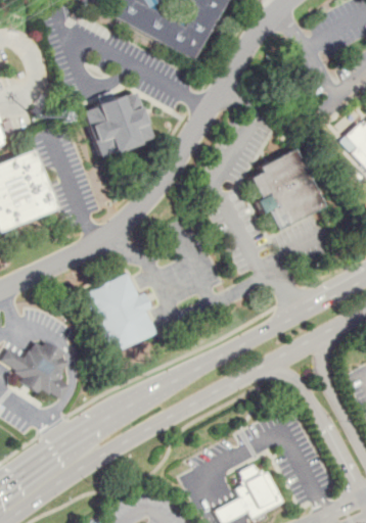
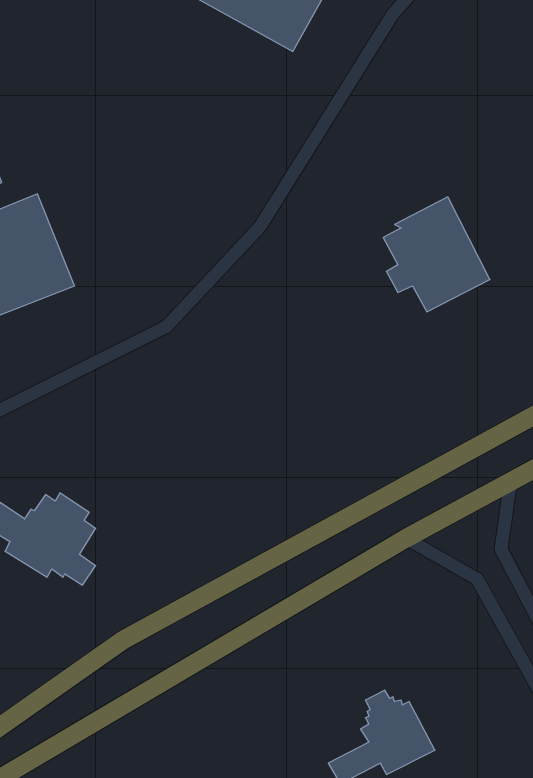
building: [79,85,153,158] -> none
building: [81,274,158,358] -> none

